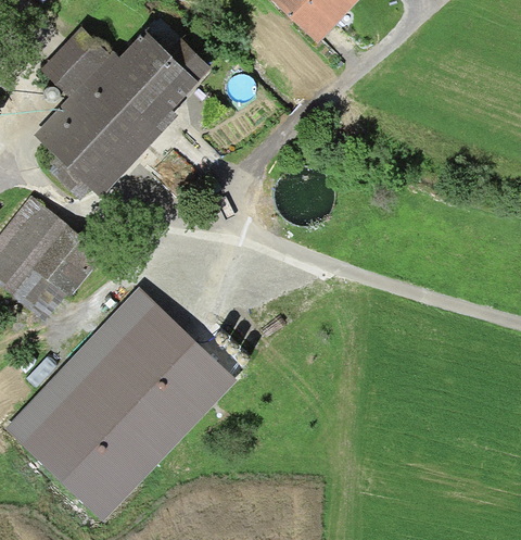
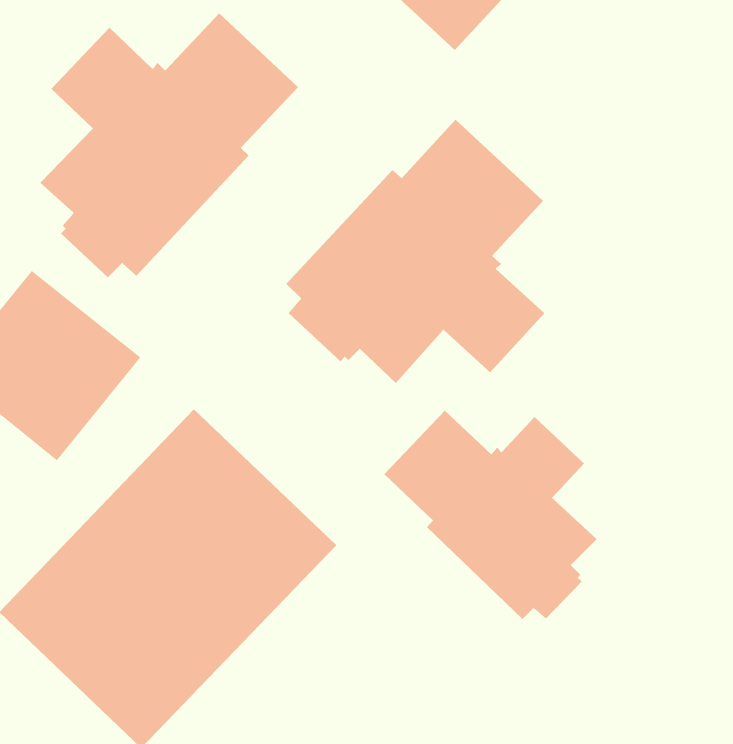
building: none -> [285,119,545,384]
building: none -> [383,410,597,620]

